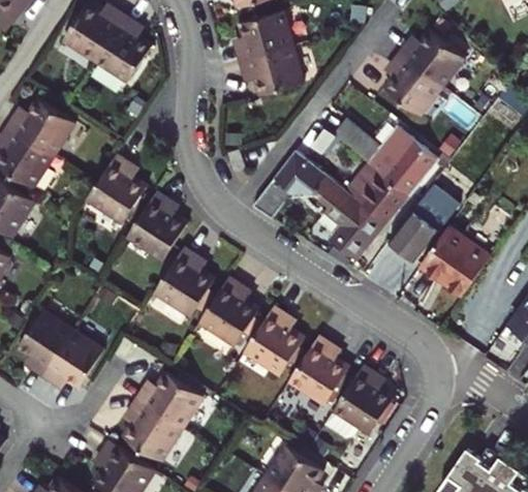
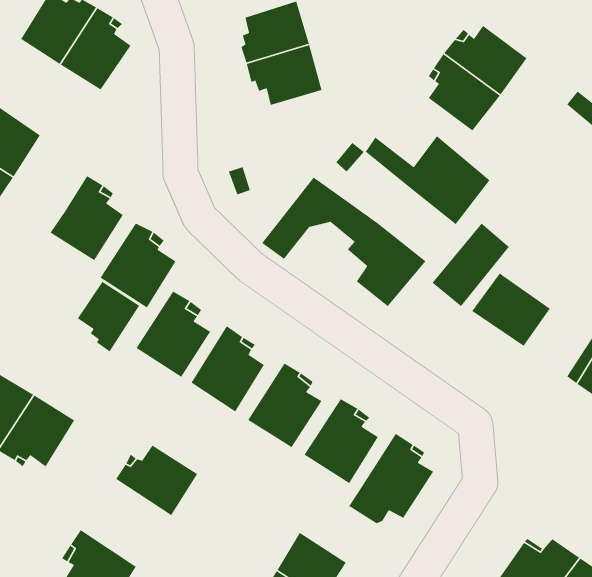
building: [348,161,411,222] -> none
building: none -> [77,281,140,352]
building: [123,398,182,460] -> none

